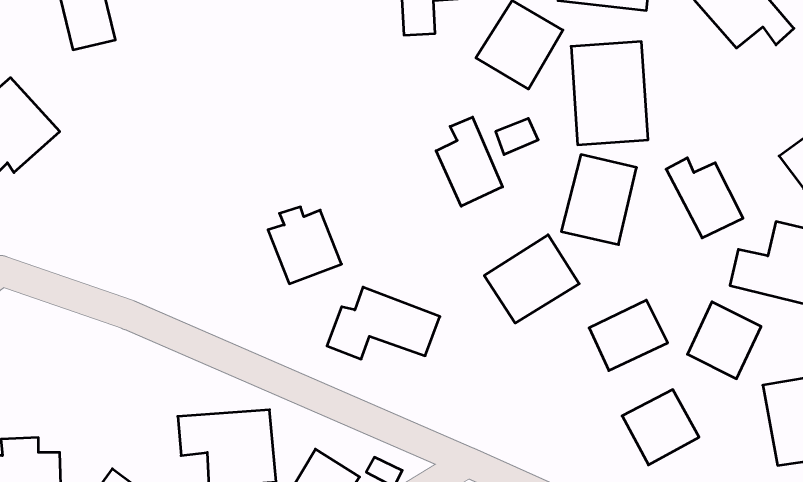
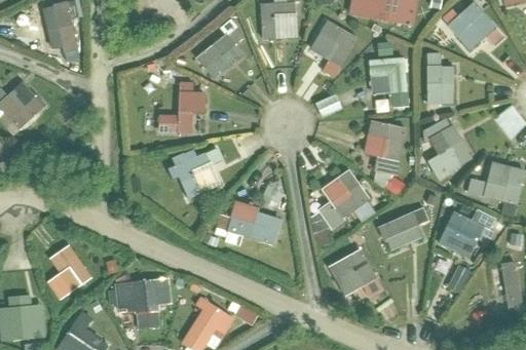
building: none -> [195,25,245,79]
building: none -> [425,53,459,104]
building: none -> [157,79,206,134]
building: [436,117,503,206] -> none
building: none -> [45,244,90,291]
building: [622,390,699,465] -> [330,249,378,297]

